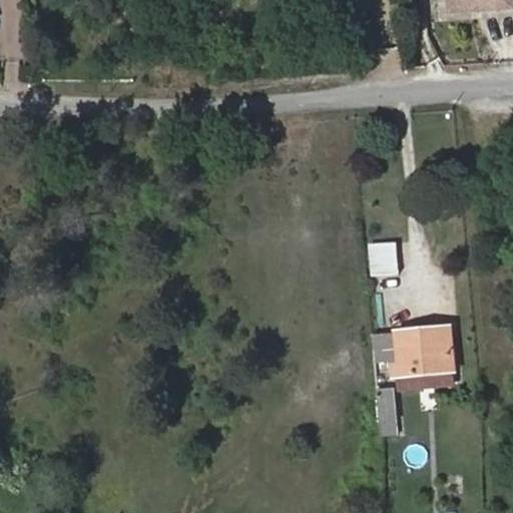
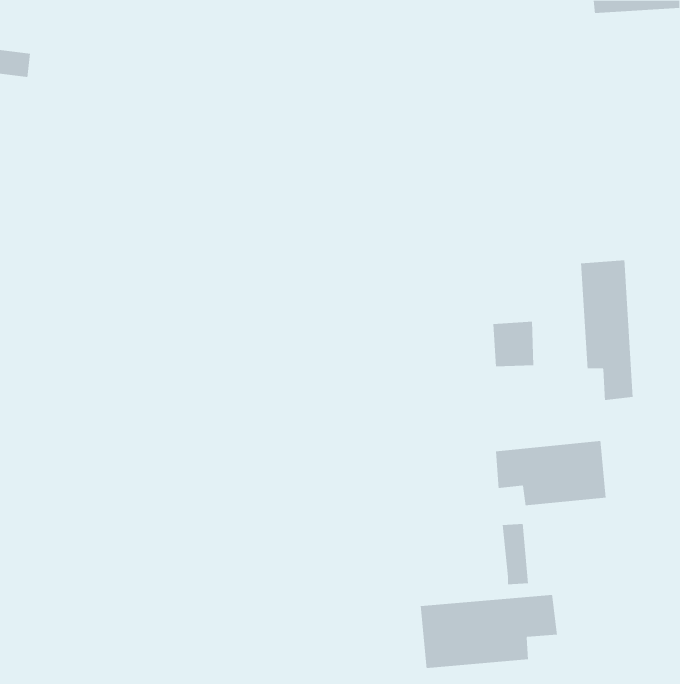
building: none -> [580,260,633,401]
building: none -> [420,594,558,669]

